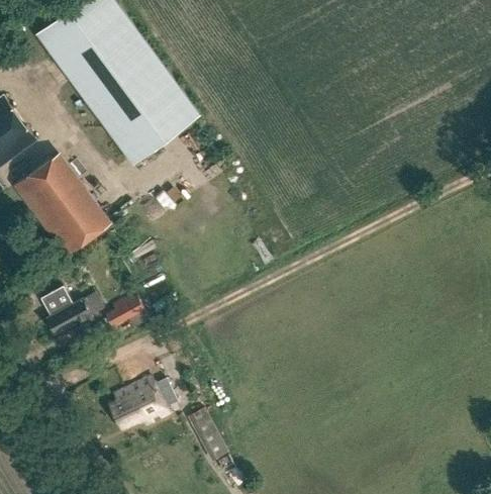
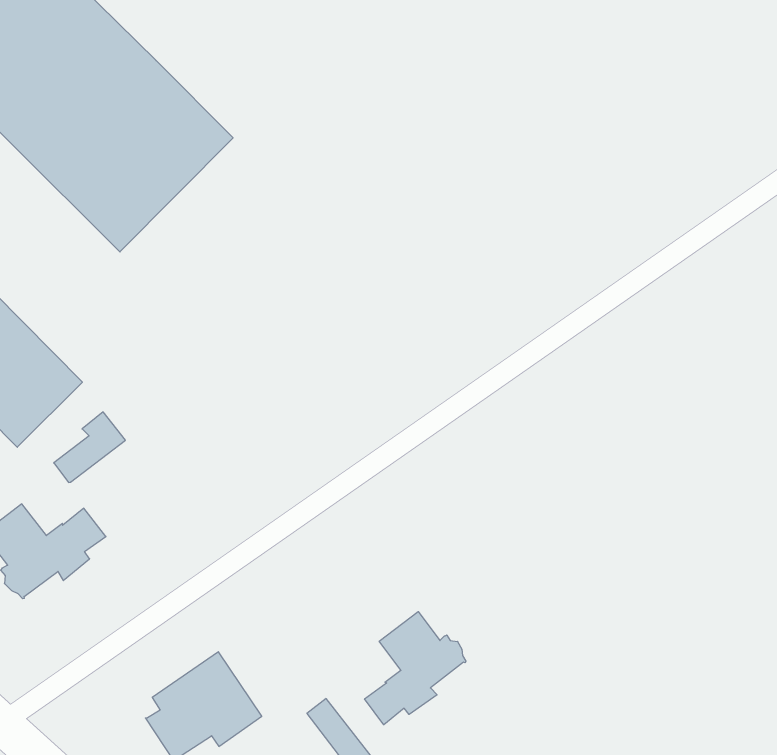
building: [105,292,143,325] -> [54,412,125,482]
building: none -> [365,612,466,725]

